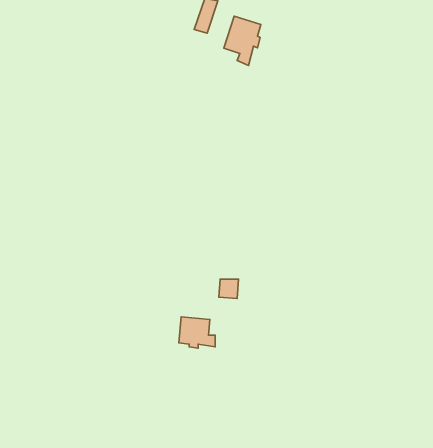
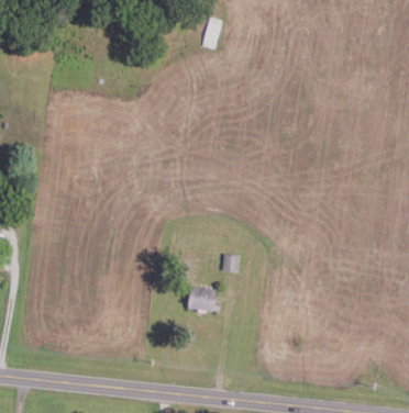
building: [224,16,261,65] -> none

